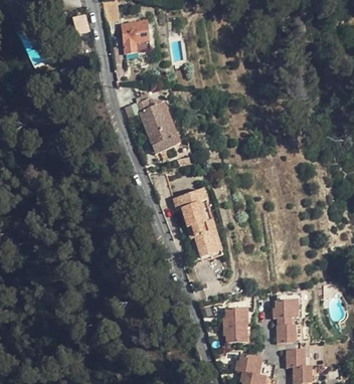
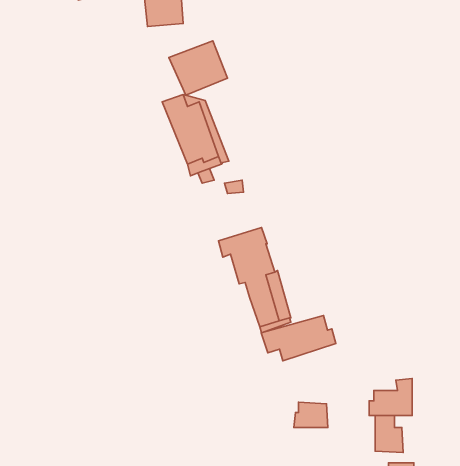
building: none -> [169,41,227,95]
building: none -> [261,315,336,361]
building: [223,325,246,342] -> none

